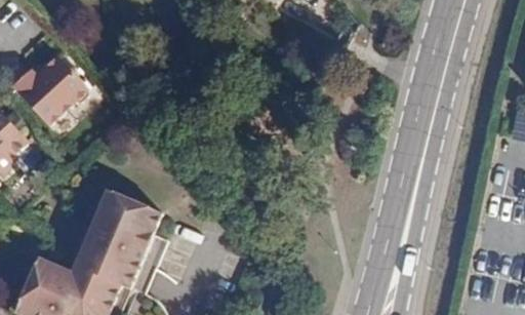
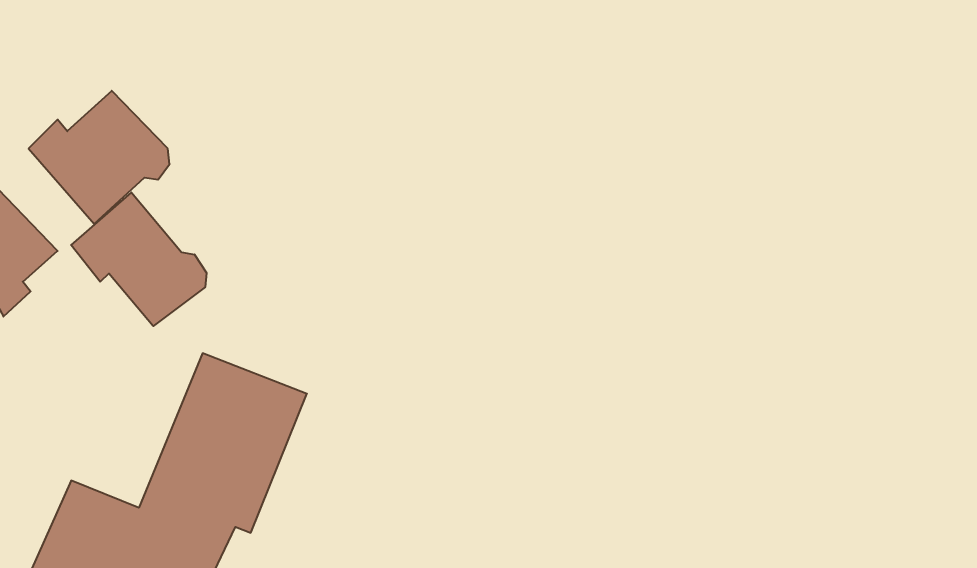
building: none -> [71,192,206,326]

